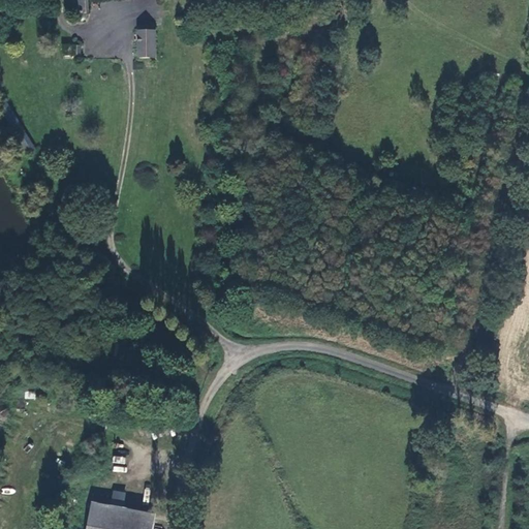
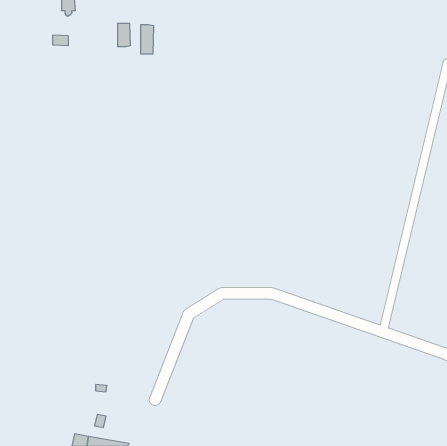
building: none -> [141,25,154,54]

